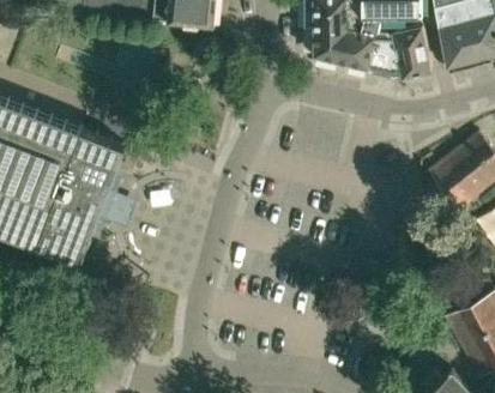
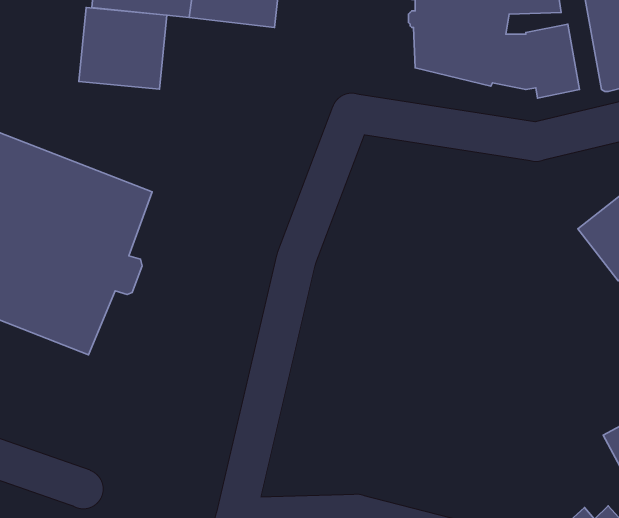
building: none -> [79,7,167,89]

